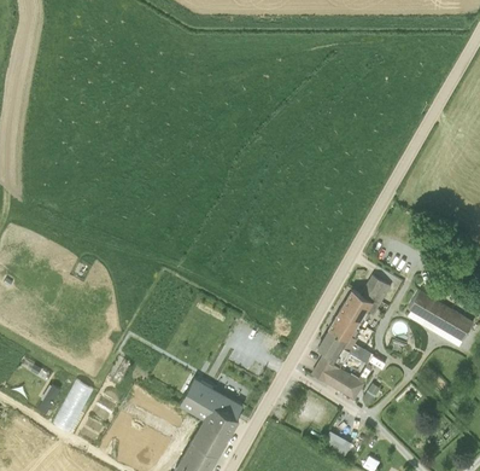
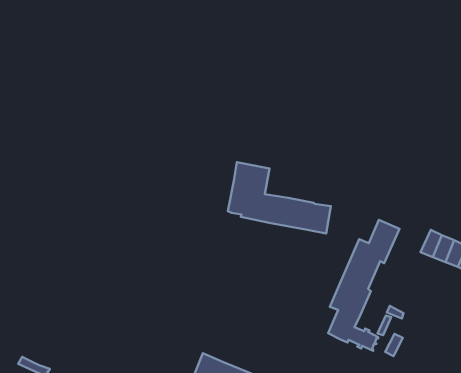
building: none -> [228,162,331,233]

